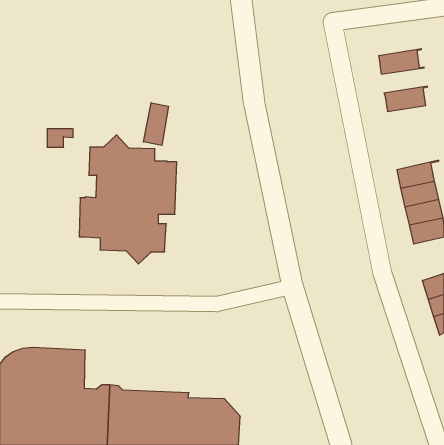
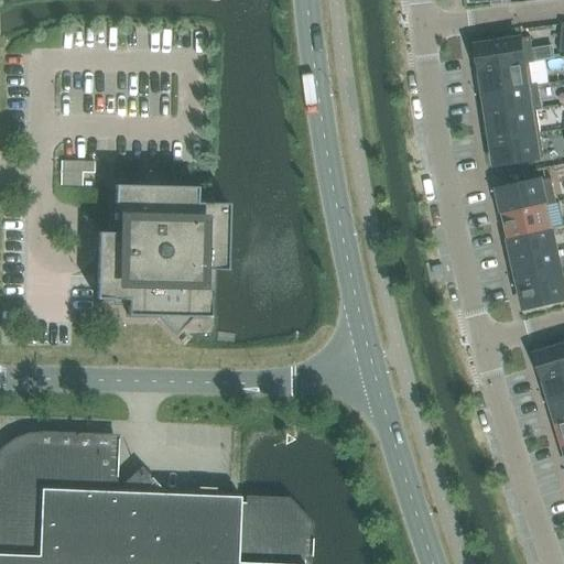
building: none -> [475,37,533,70]
building: none -> [482,86,541,118]
building: [143,103,168,145] -> none
building: none -> [490,133,543,165]
building: none -> [497,178,555,215]

